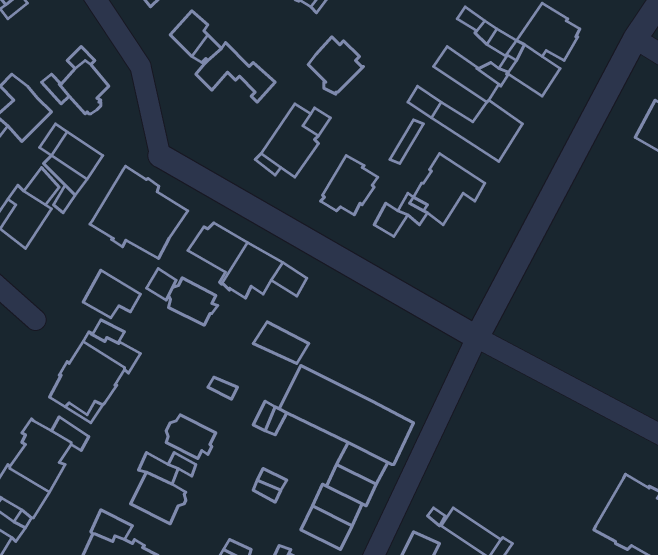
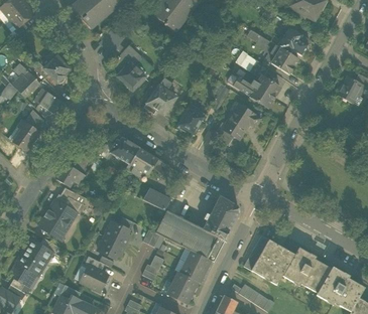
building: [308,37,363,94] -> [117,61,145,91]
building: [90,166,188,258] -> none
building: [168,278,218,325] -> [105,220,130,245]
building: none -> [203,195,239,240]
building: none -> [243,234,331,292]

